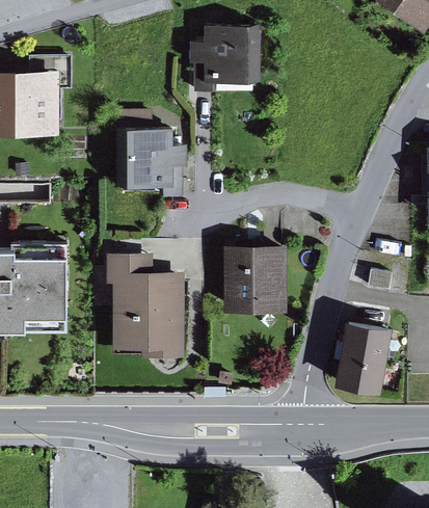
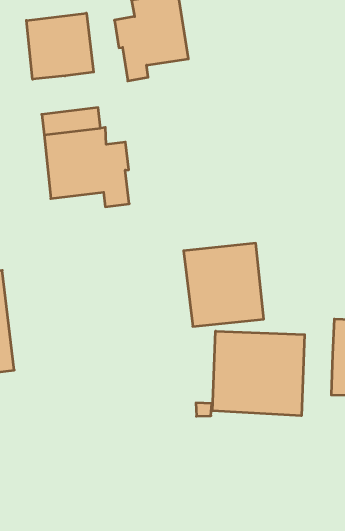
building: none -> [26,13,94,79]
building: [105,258,185,360] -> none
building: none -> [212,331,305,416]

